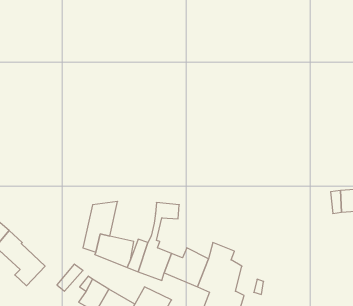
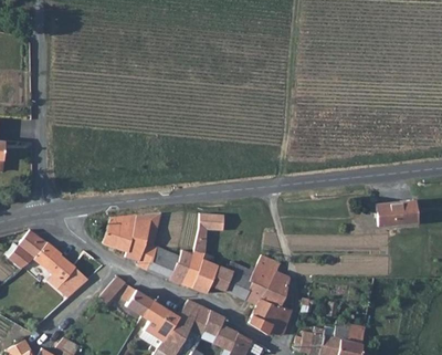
building: none -> [102,215,135,254]

